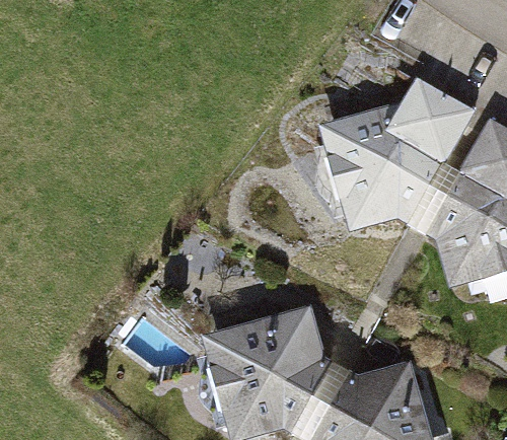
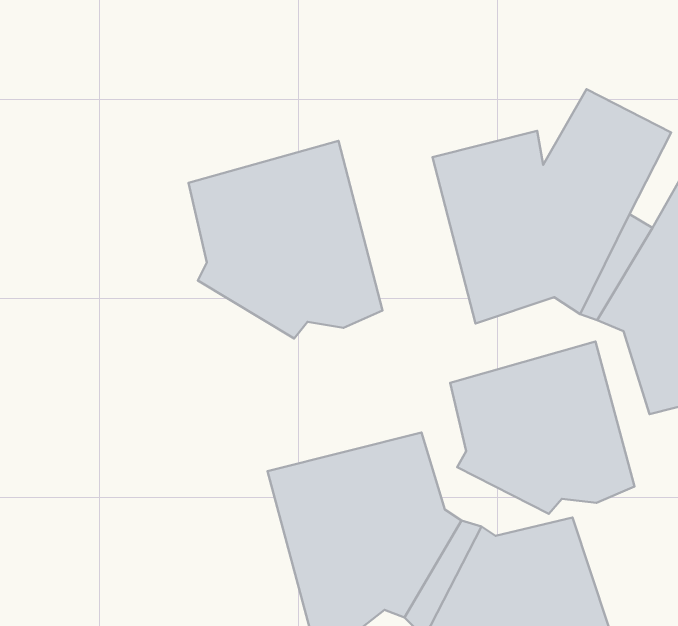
building: none -> [189,141,383,338]
building: none -> [450,341,634,514]

